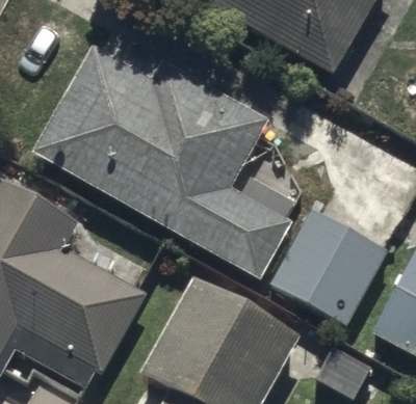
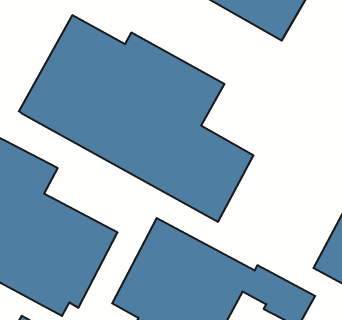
building: [261,203,390,327] -> none

